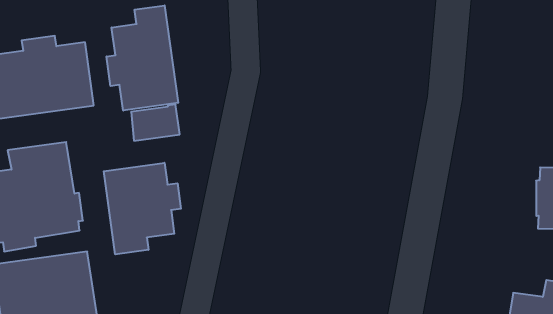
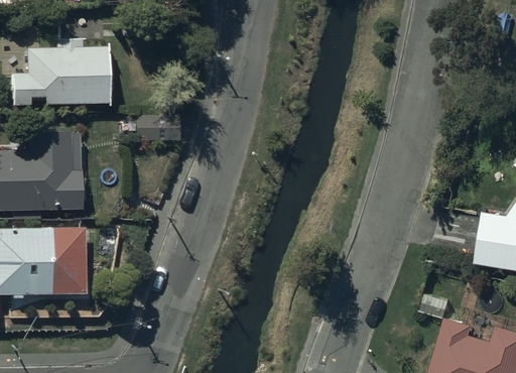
building: [107,5,178,111] -> none
building: [104,163,181,254] -> none

